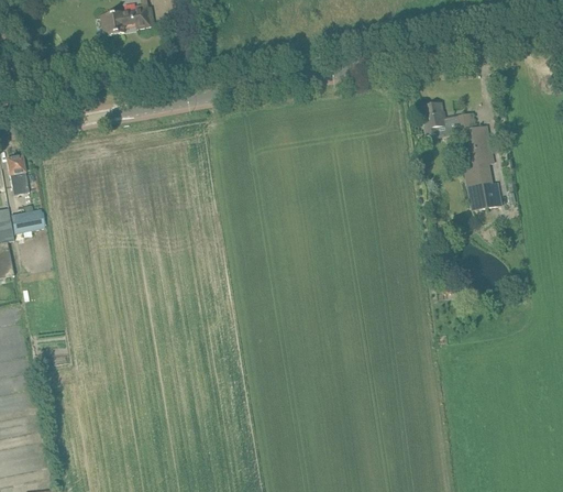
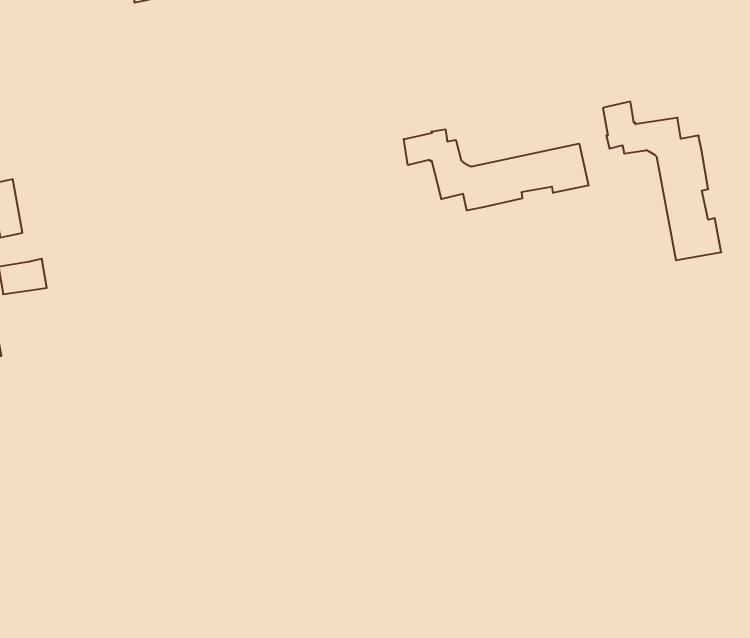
building: none -> [404,129,588,210]

